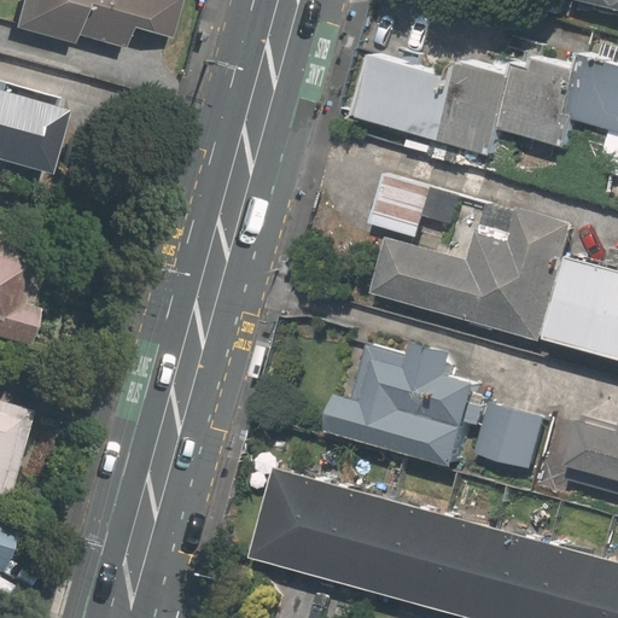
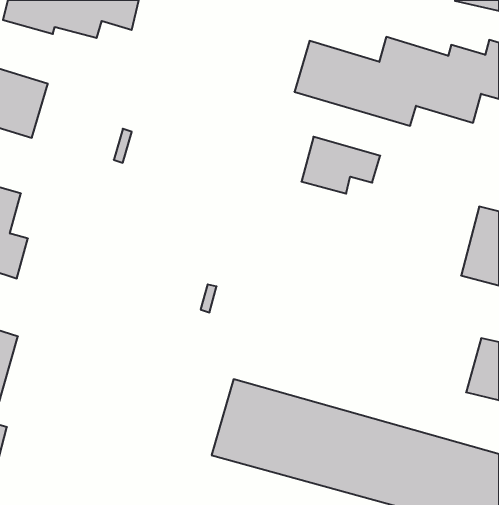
building: [369,206,571,342] -> none
building: [331,343,480,465] -> none
building: [471,402,546,472] -> none

